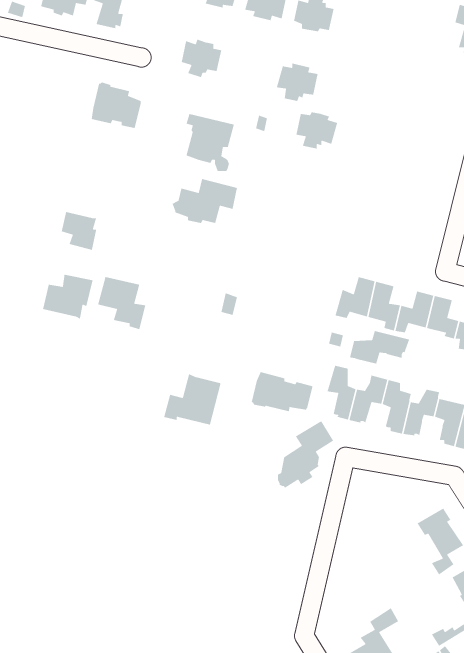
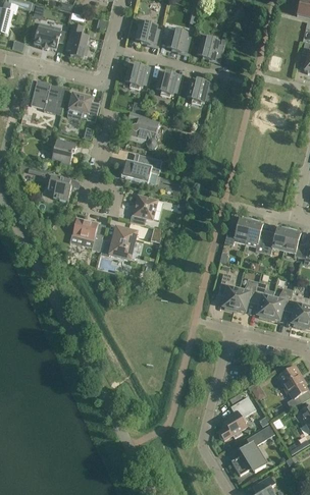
building: none -> [30,79,63,114]
building: [295,111,338,149] -> [155,71,183,96]
building: none -> [51,138,76,163]
building: none -> [128,195,156,224]
building: [42,274,94,320] -> none
building: [349,330,410,364] -> none
building: [251,371,314,412] -> none
building: [163,373,222,426] -> [99,225,137,259]
building: [277,420,334,488] -> [218,395,255,439]

